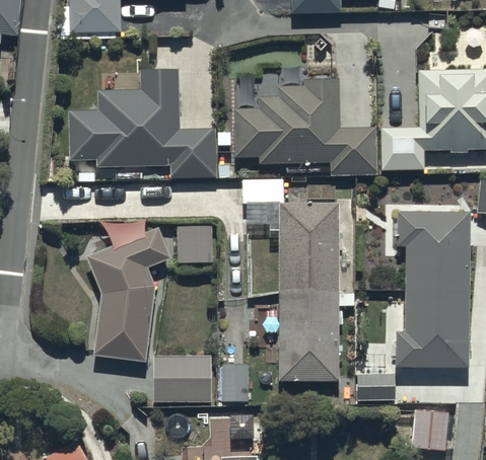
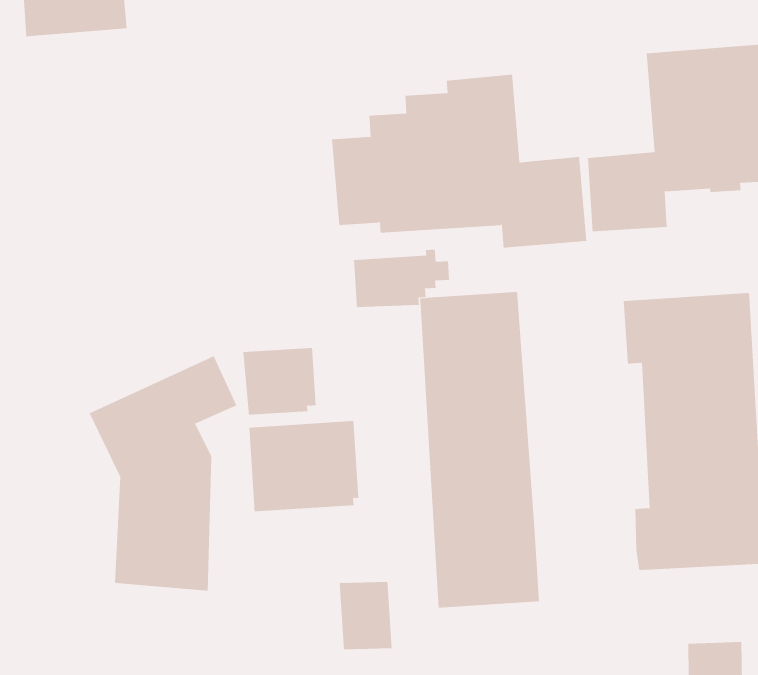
building: [68,70,217,177] -> none
building: [357,353,395,398] -> none
building: [153,354,214,402] -> [248,421,359,512]

